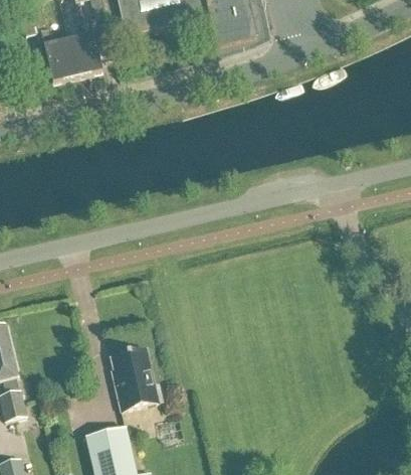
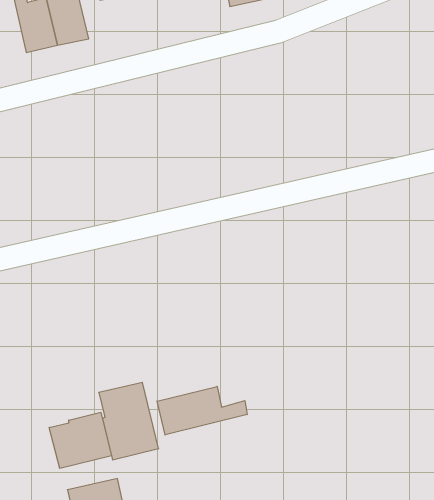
building: none -> [157,386,247,435]
building: none -> [49,412,112,468]

